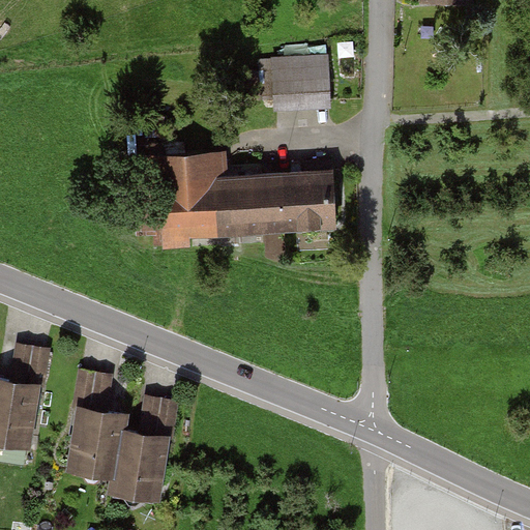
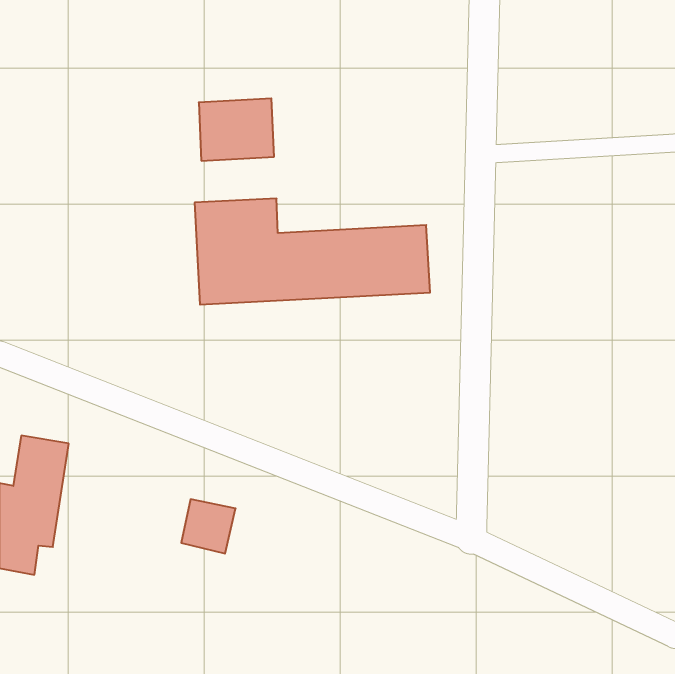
building: [268,59,327,108] -> [199,98,274,161]
building: [64,370,168,503] -> none

